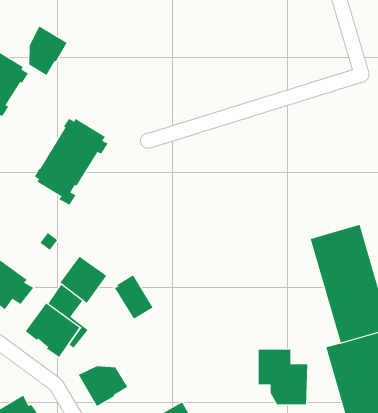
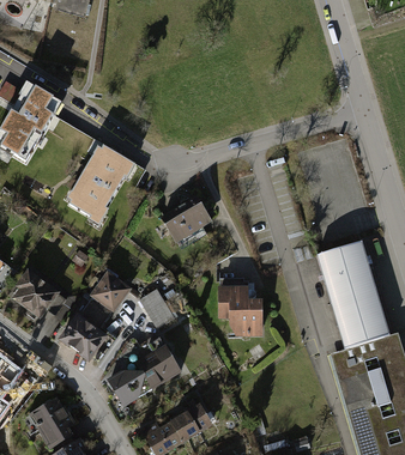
building: [29,26,68,76] -> none
building: none -> [161,194,213,242]
building: none -> [135,335,183,389]
building: [258,349,308,405] -> [219,285,265,335]

